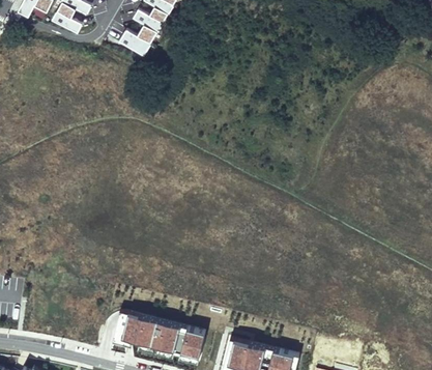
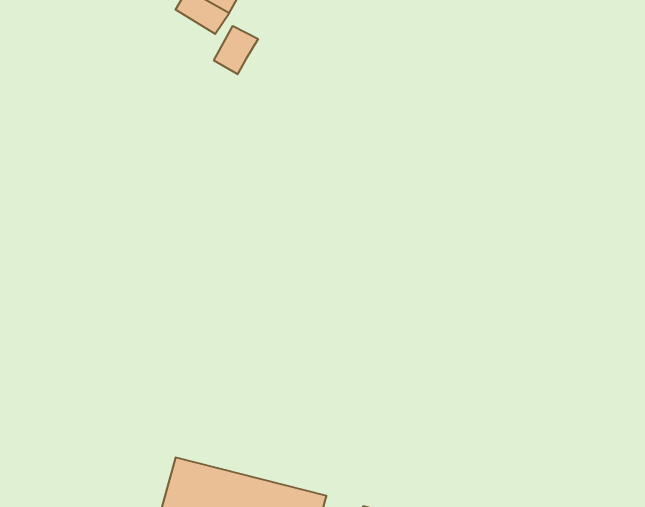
building: none -> [214,26,258,74]

